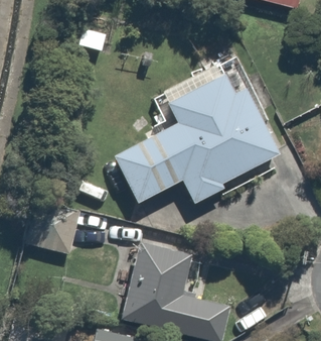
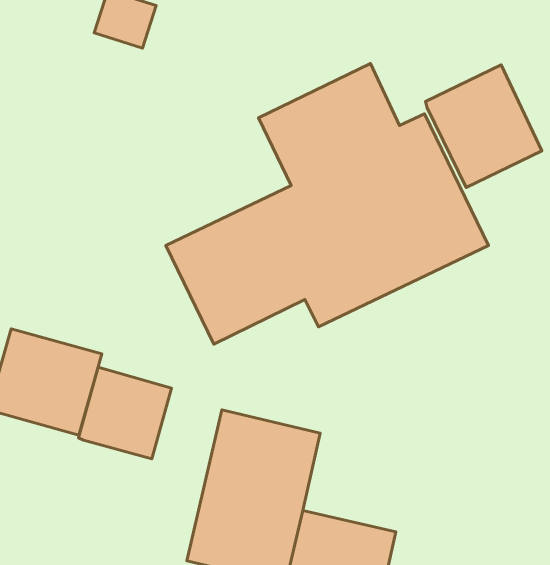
building: none -> [425,65,542,187]
building: none -> [79,367,171,459]

